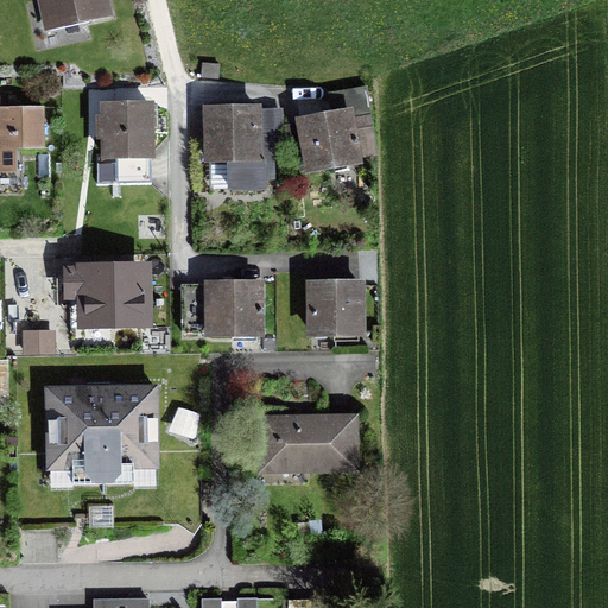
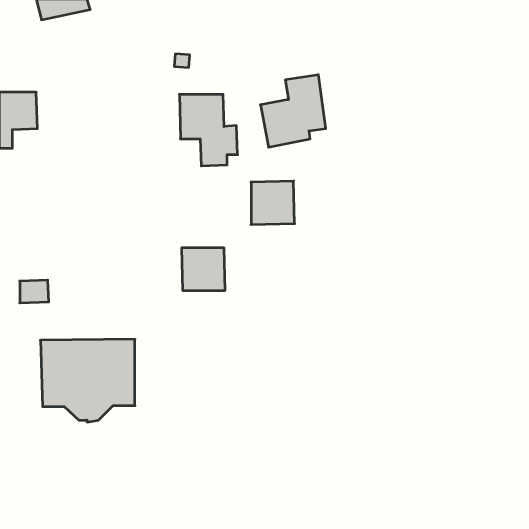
building: [96,104,150,183] -> none
building: [68,271,140,318] -> none
building: [310,283,360,332] -> [251,181,295,225]
building: [258,416,355,471] -> none

